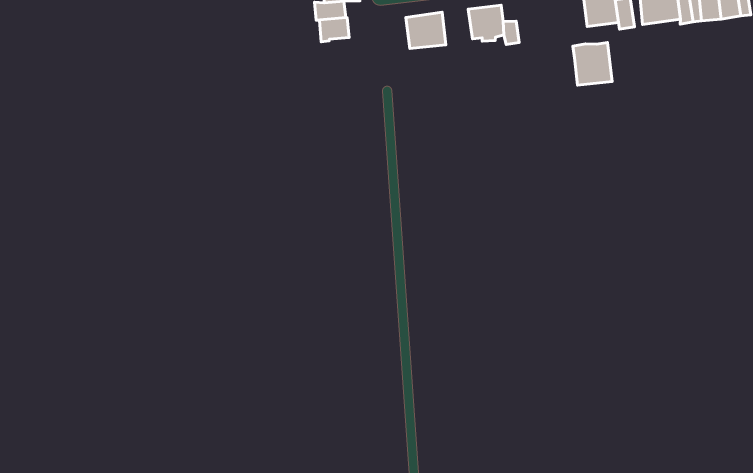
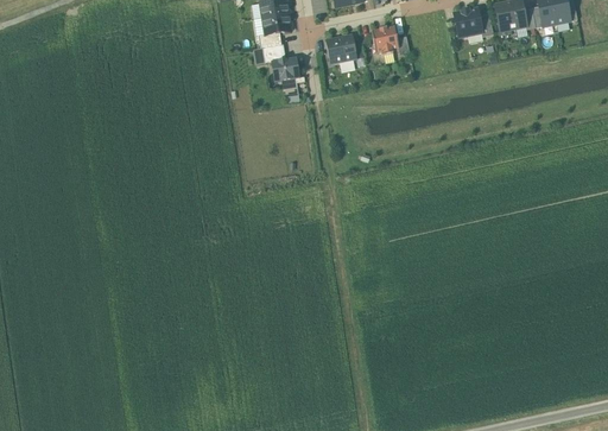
building: none -> [271,56,299,81]
building: [573,42,612,85] -> none

